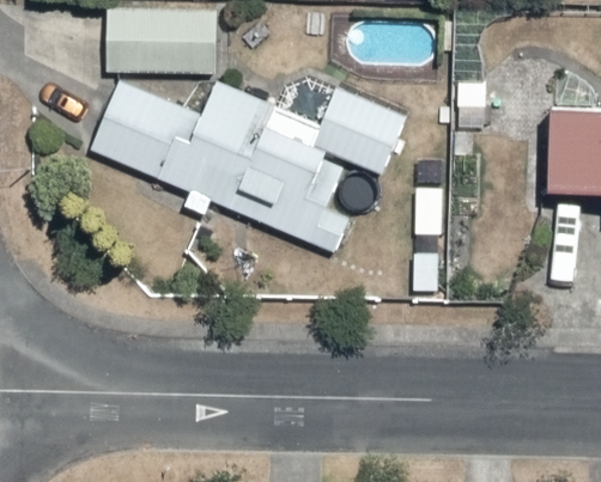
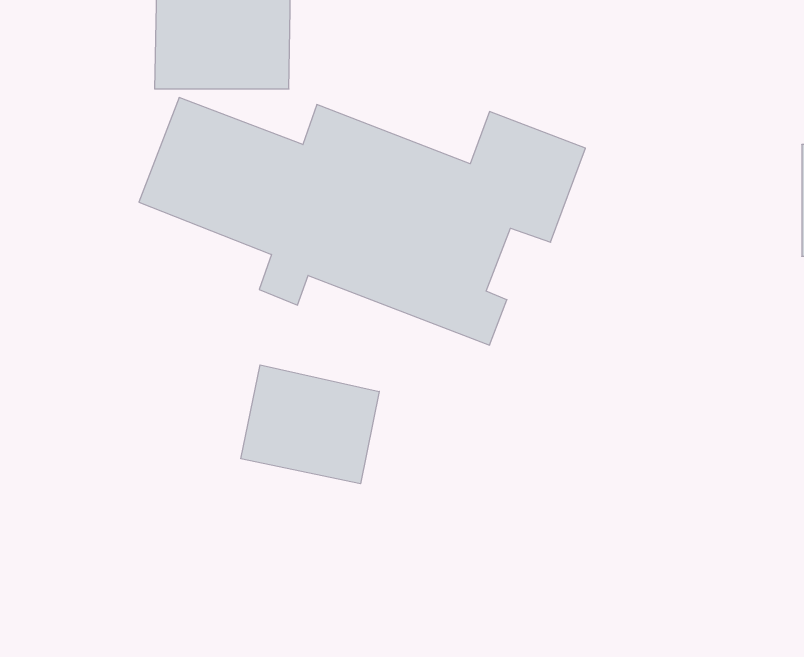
building: none -> [241,365,379,484]

